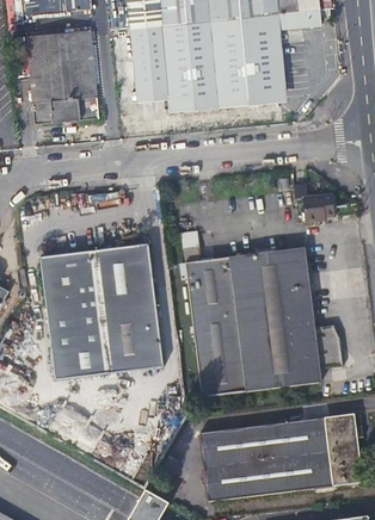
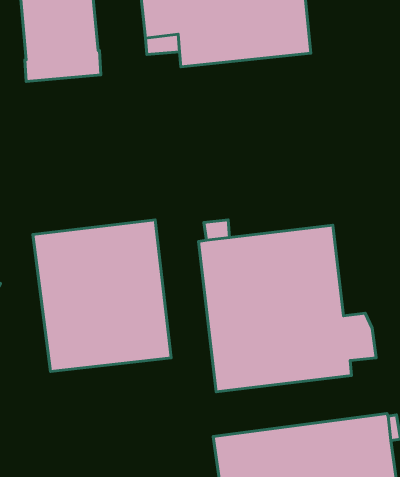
building: [294,185,333,228] -> none

